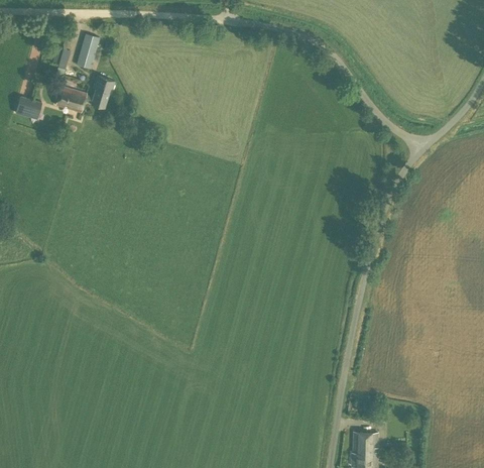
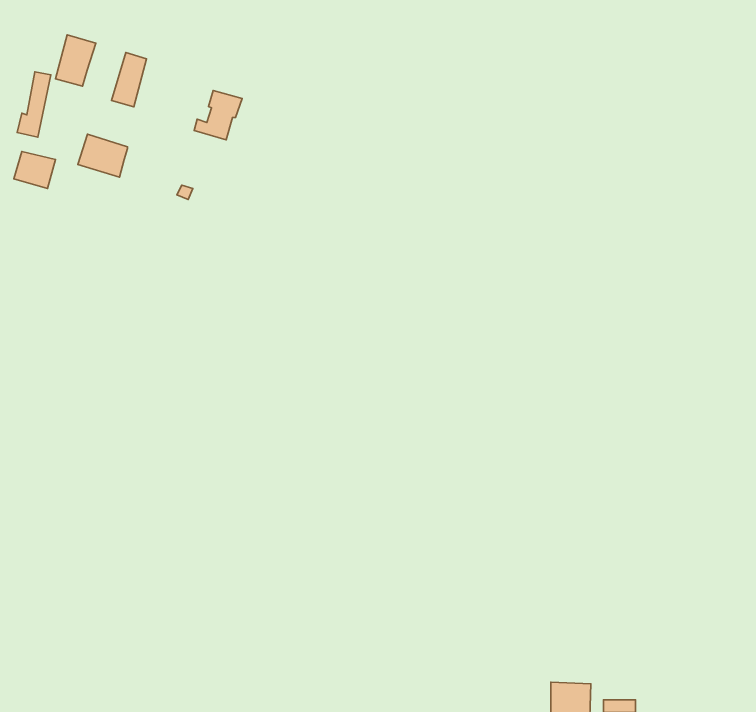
building: none -> [56,35,96,86]
building: [84,77,114,108] -> [194,90,242,140]

